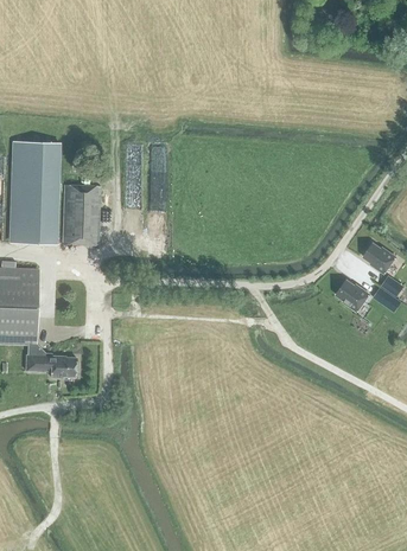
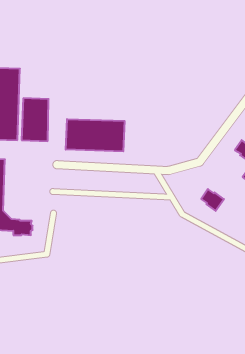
building: none -> [66,119,125,151]
building: [337,281,369,312] -> [201,189,224,211]

